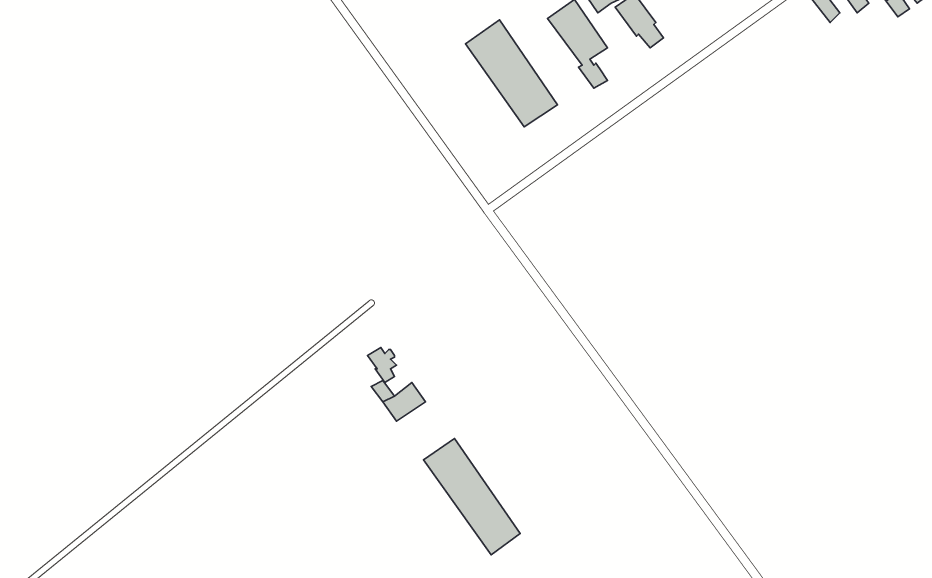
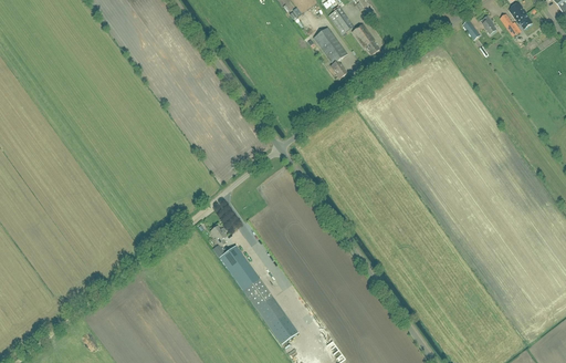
building: [465,20,557,127] -> none
building: none -> [227,256,260,289]

